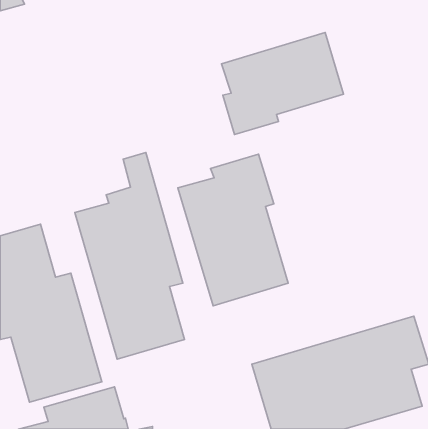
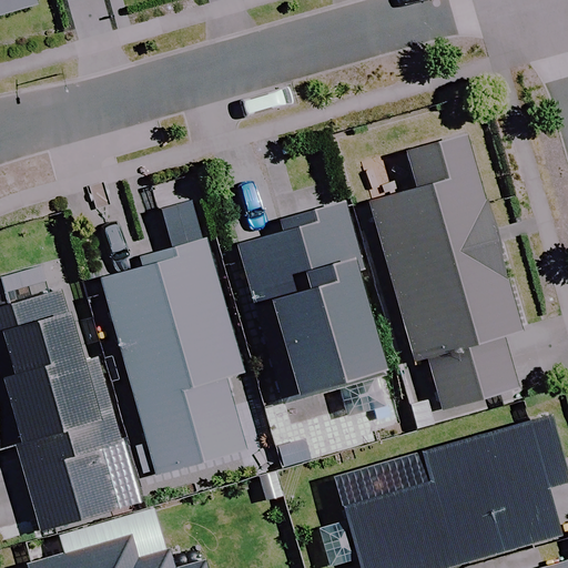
building: [222,33,344,135] -> none
building: none -> [369,135,523,409]

